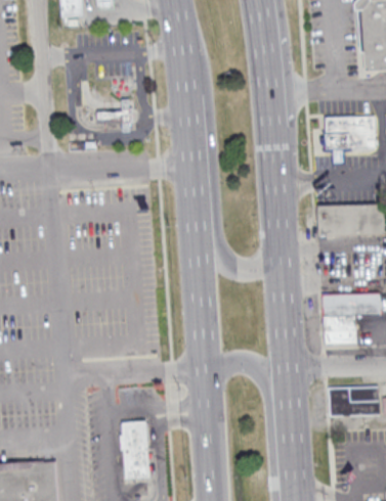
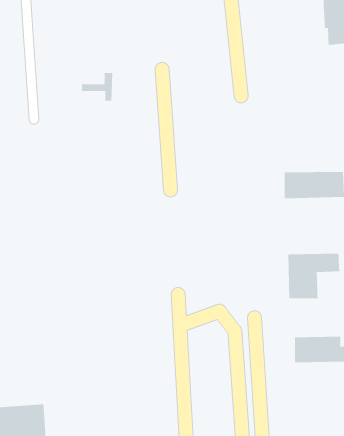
building: [318,118,373,165] -> none
building: [118,419,147,477] -> none

